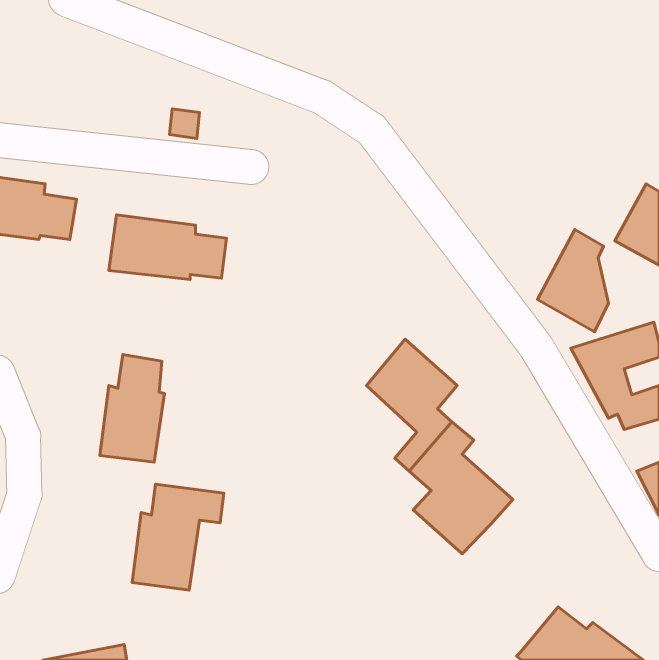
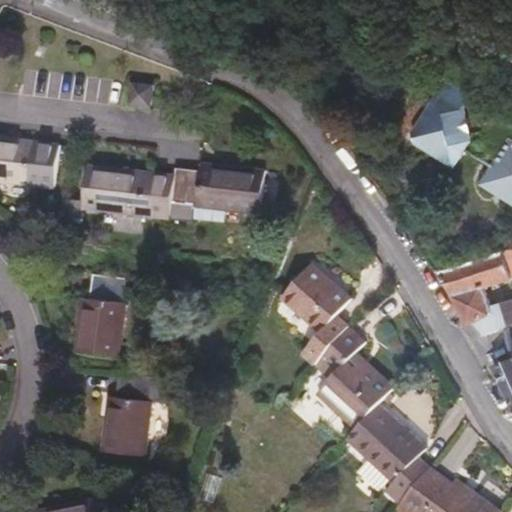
building: none -> [171,163,266,222]
building: [537,229,609,332] -> [405,91,460,170]
building: none -> [347,405,431,504]

